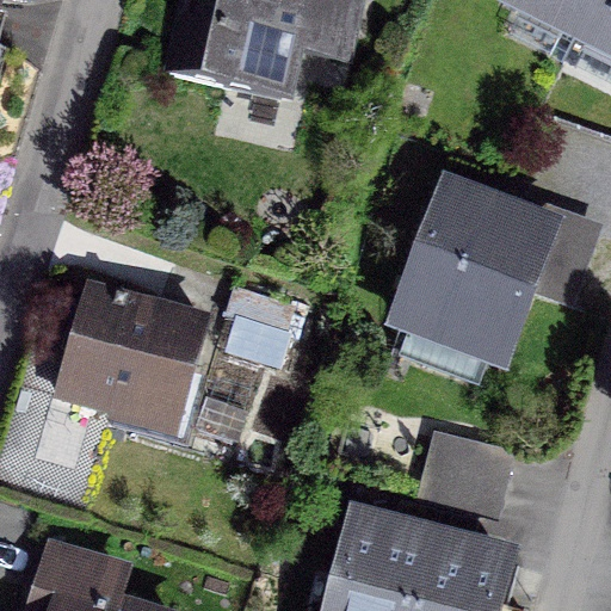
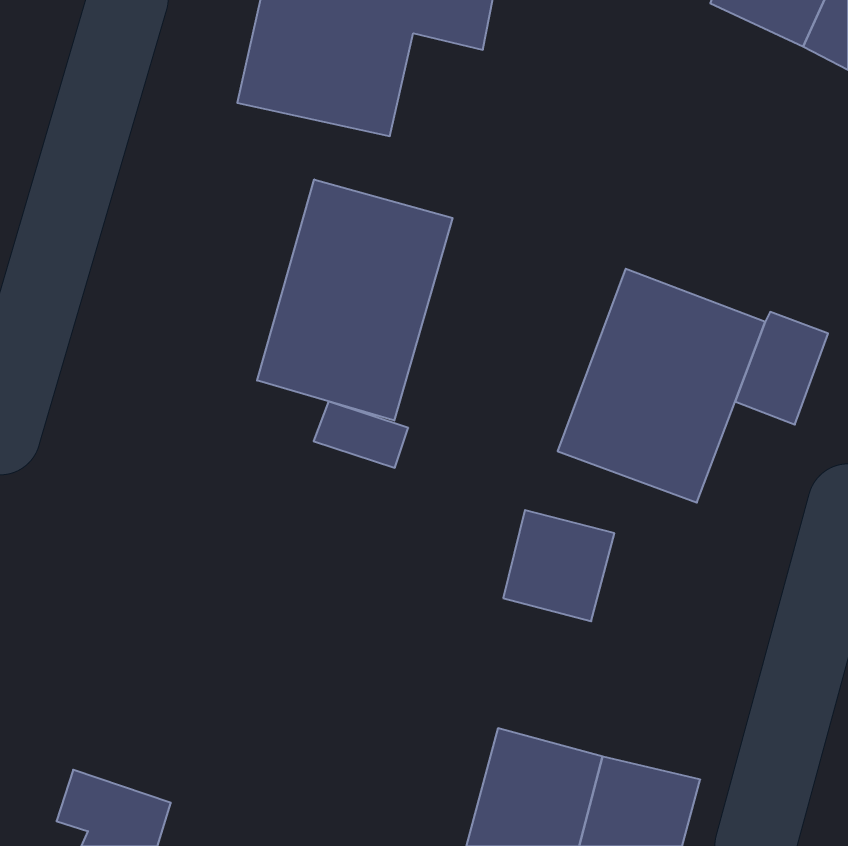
building: none -> [257,179,453,421]
building: [60,292,206,421] -> none
building: [421,437,501,517] -> [503,510,614,621]

